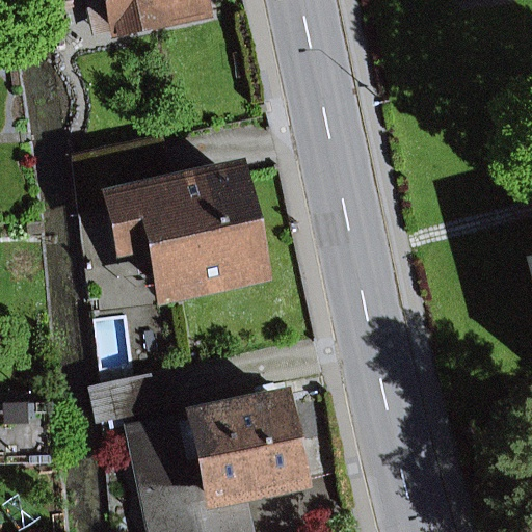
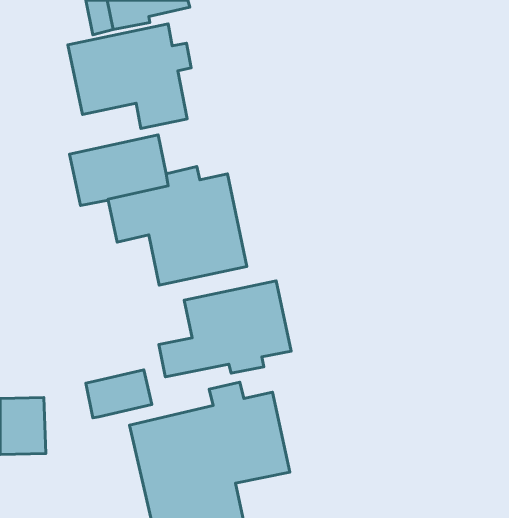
building: none -> [68,24,191,128]
building: none -> [159,281,291,377]

